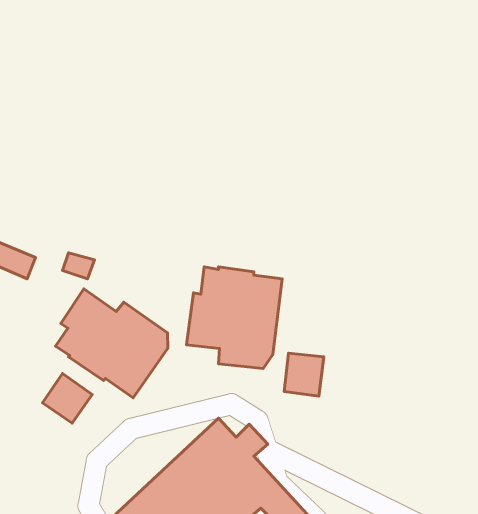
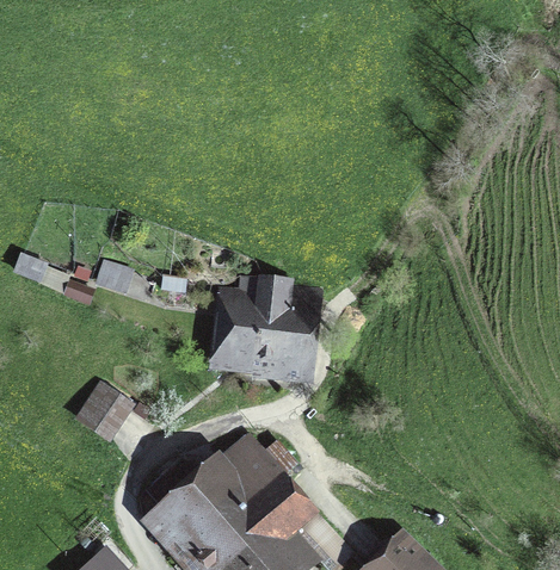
building: [56,289,168,398] -> none
building: [284,353,324,396] -> none

